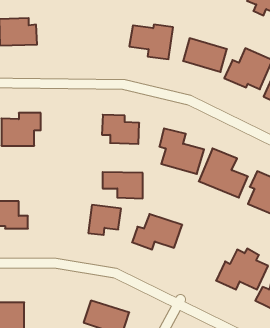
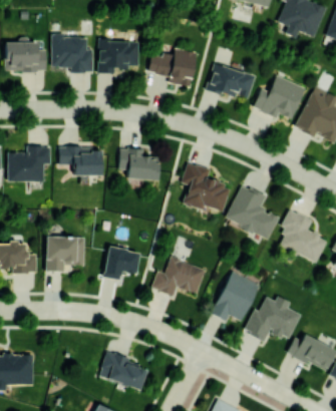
building: none -> [51,33,93,72]
building: none -> [98,40,140,73]
building: [103,172,143,198] -> [58,146,102,175]
building: none -> [46,236,85,272]
building: none -> [212,271,260,321]

